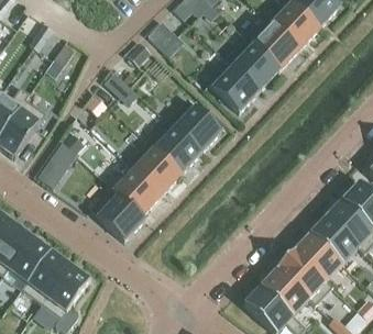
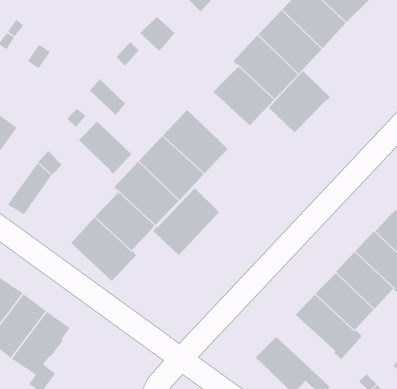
building: none -> [268,70,331,133]
building: none -> [78,121,132,174]
building: none -> [152,187,220,256]
building: [261,269,309,316] -> none

